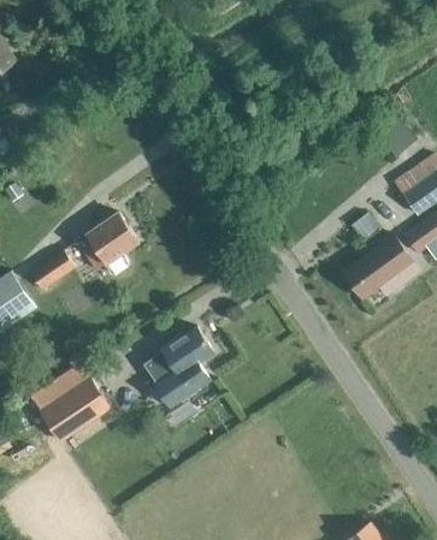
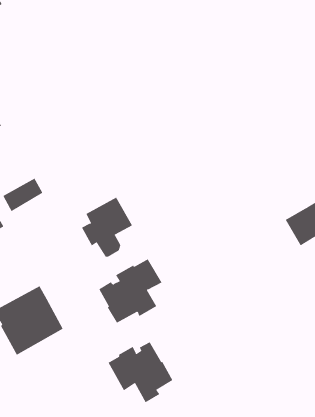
building: [82,212,138,279] -> [81,197,133,257]
building: none -> [108,342,173,403]

